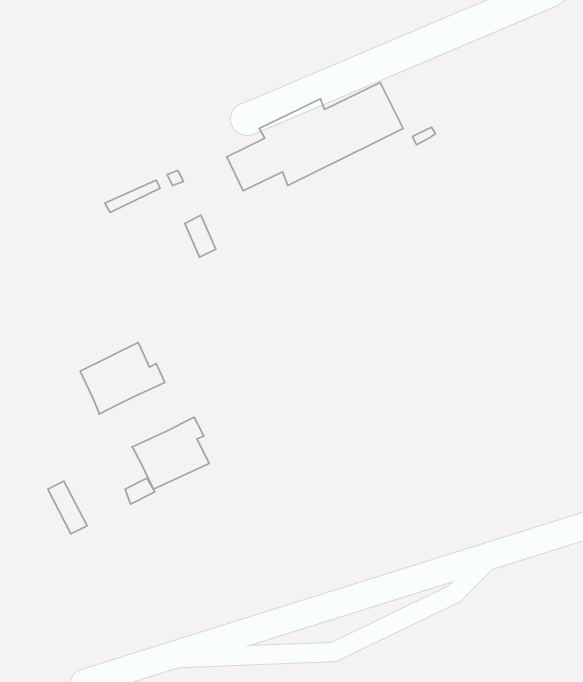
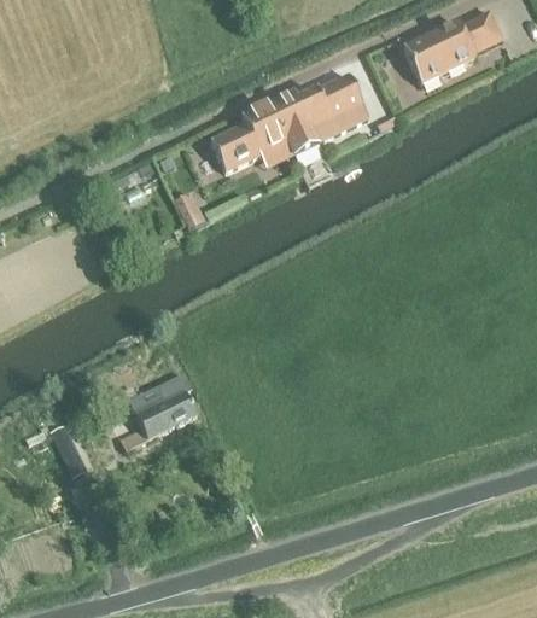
building: none -> [402,11,502,83]
building: [80,343,165,414] -> none

